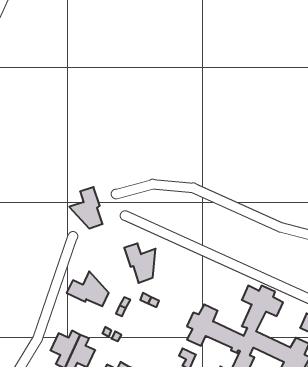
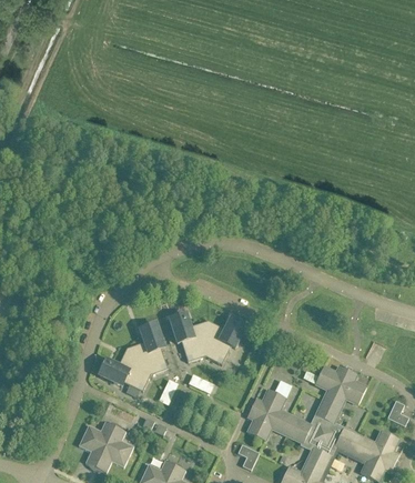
building: [69,187,103,228] -> [126,324,168,375]
building: none -> [205,318,246,365]

